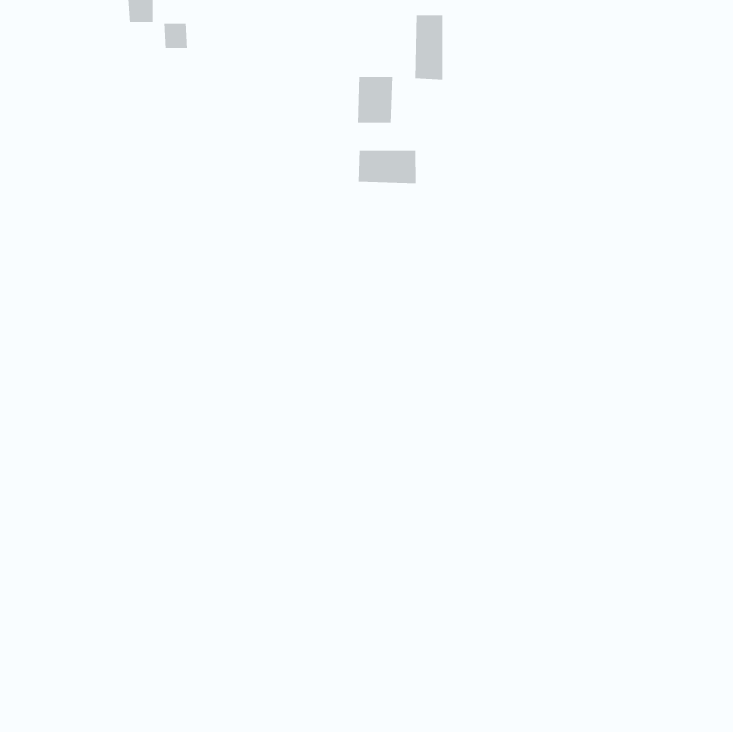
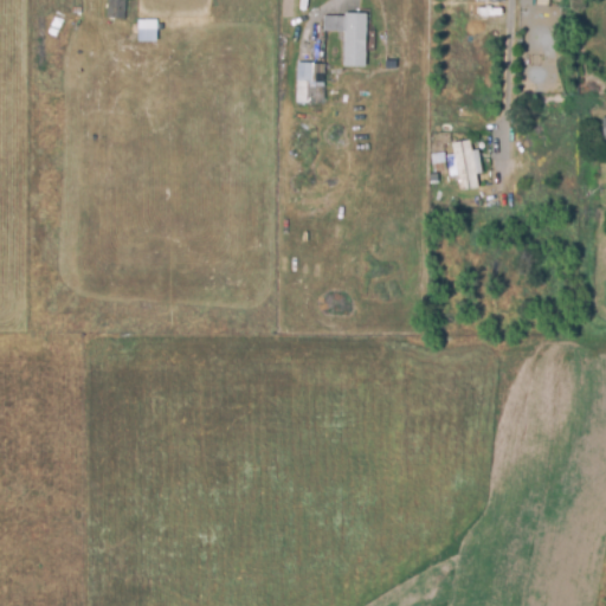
building: [358,150,416,184] -> none
building: none -> [451,140,478,191]

